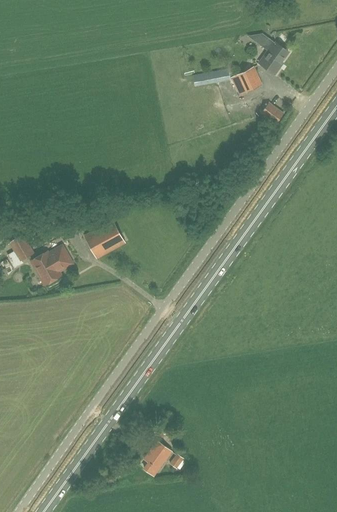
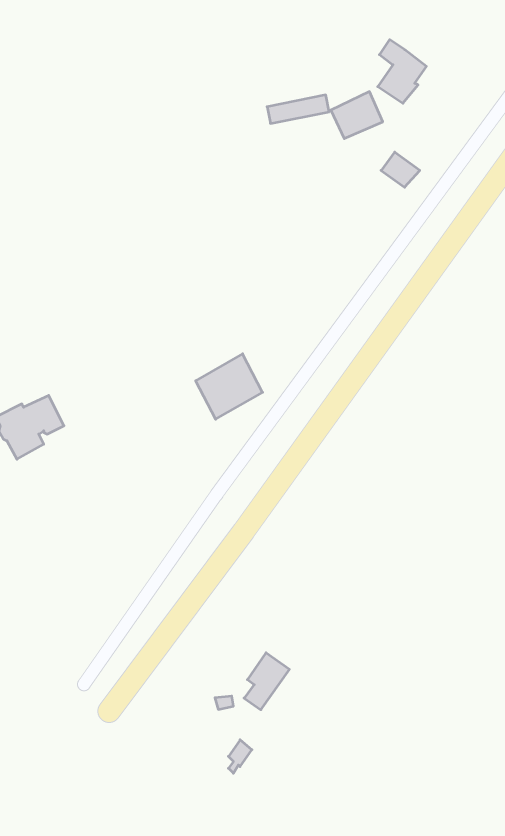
building: [85,220,125,259] -> [196,354,263,419]
building: [144,441,171,475] -> [244,653,289,710]

